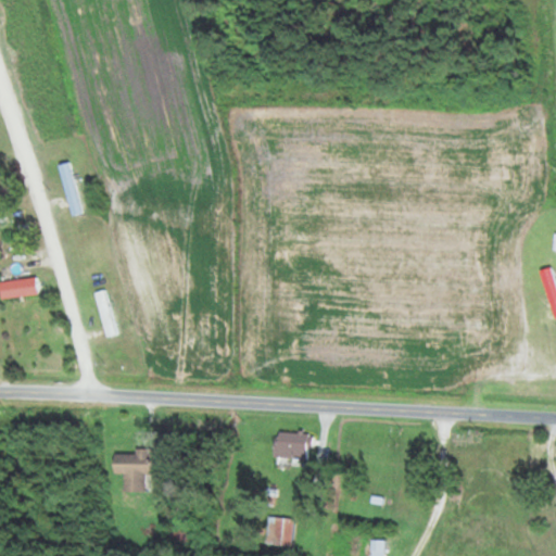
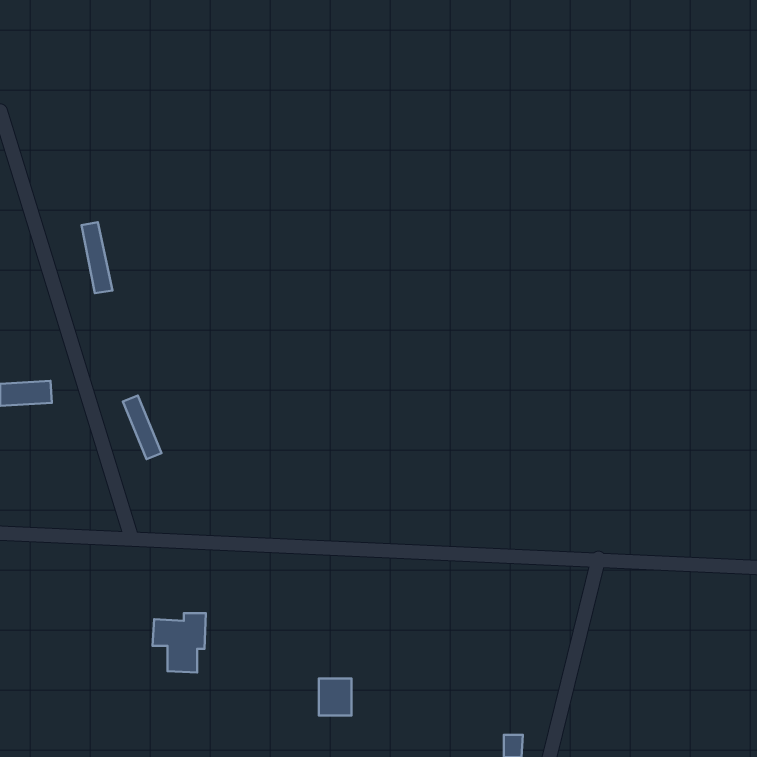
building: [274,433,311,457] -> none
building: [267,518,291,545] -> [319,678,351,715]

